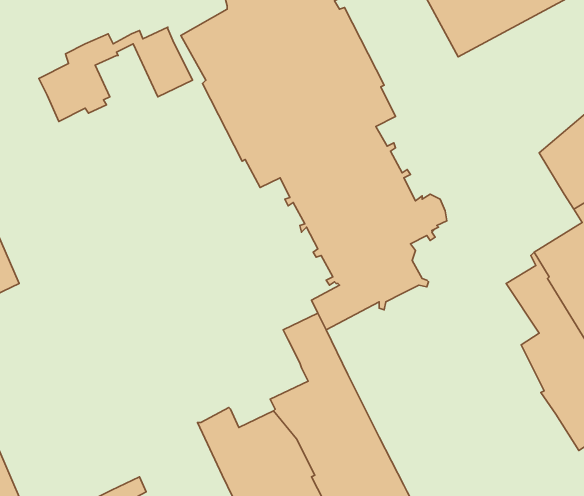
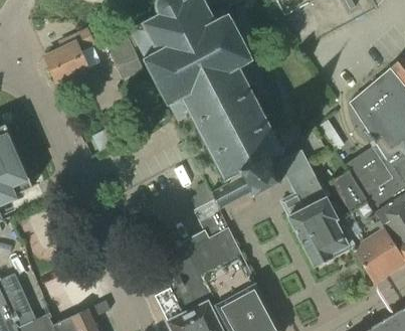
building: none -> [270,149,348,268]

